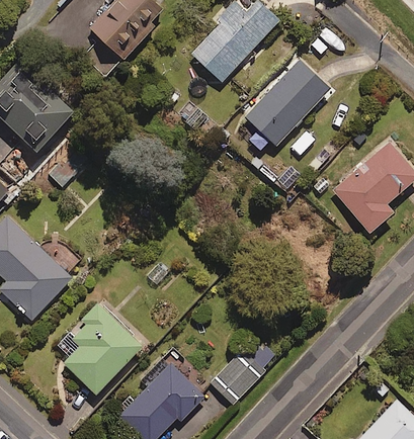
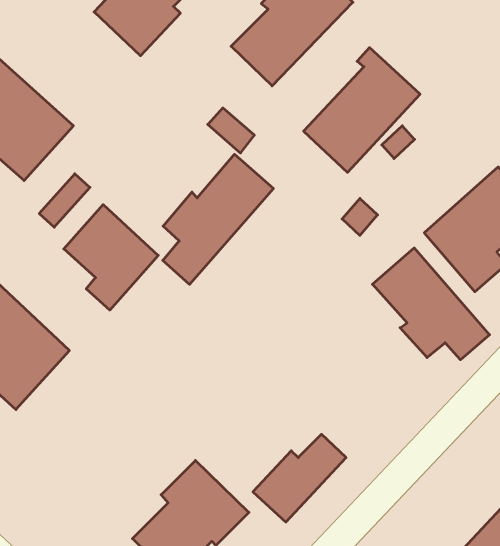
building: none -> [163,154,273,284]
building: none -> [64,205,158,310]
building: none -> [372,248,490,360]
building: [58,303,144,396] -> none

